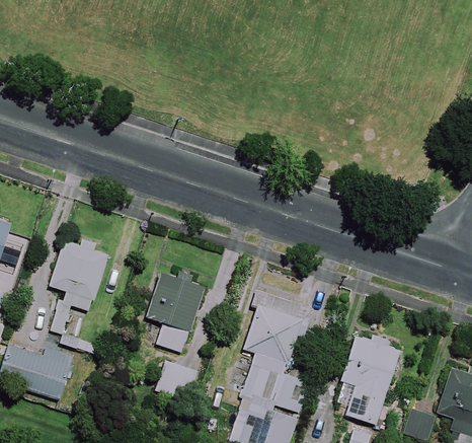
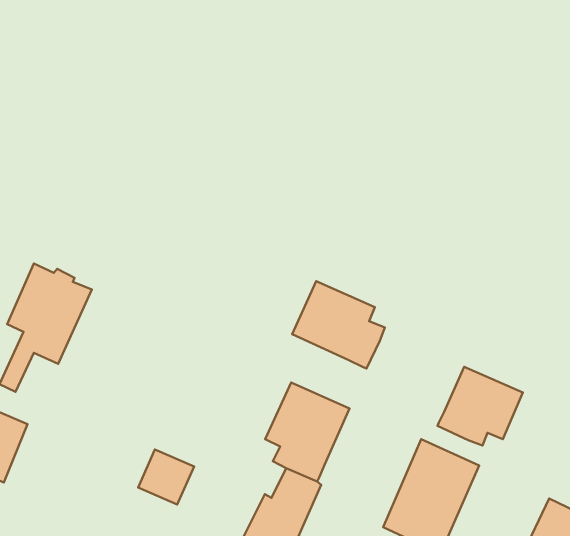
building: none -> [292,281,385,369]
building: [145,271,207,352] -> none
building: none -> [437,367,523,445]

